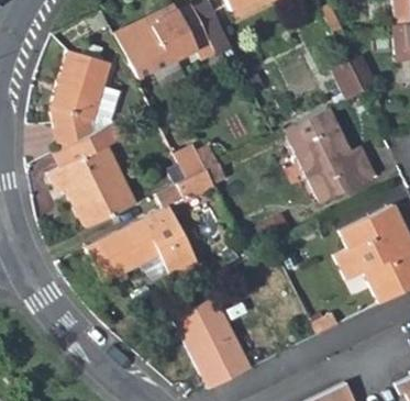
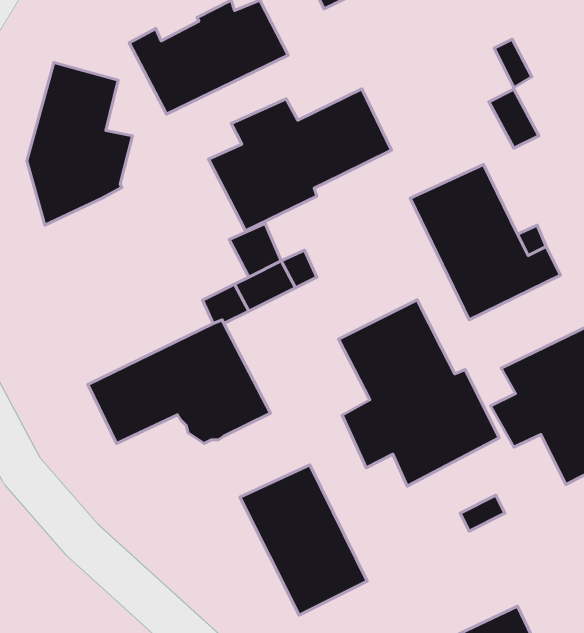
building: none -> [208,89,392,231]
building: [51,120,135,227] -> none
building: none -> [339,300,499,486]

